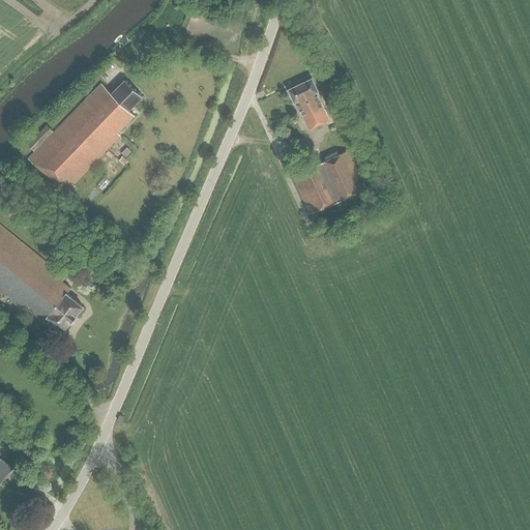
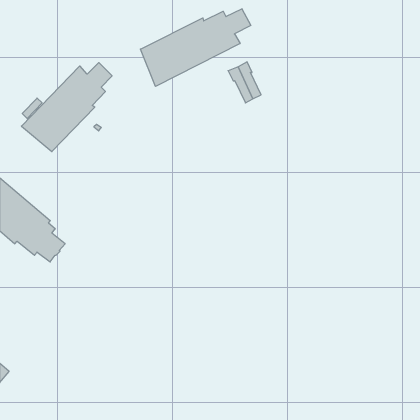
building: none -> [140,9,251,86]
building: [291,149,364,213] -> none

